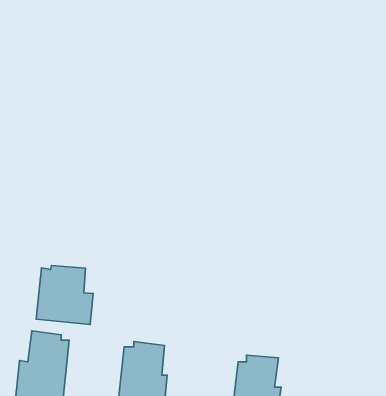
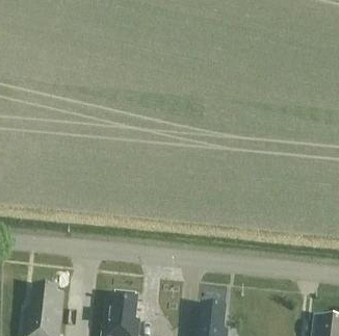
building: [36,265,93,324] -> none

